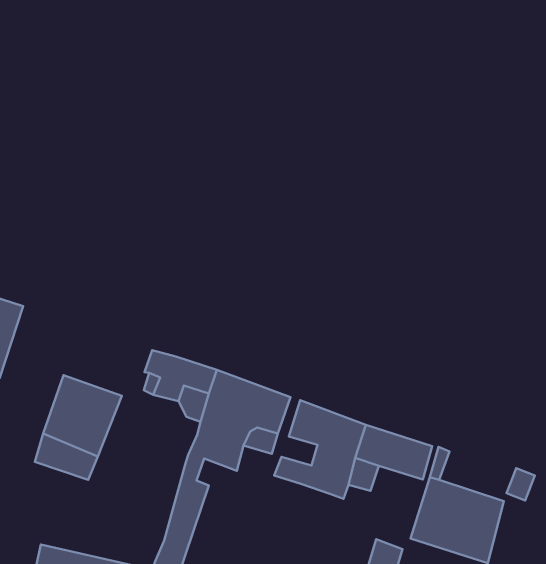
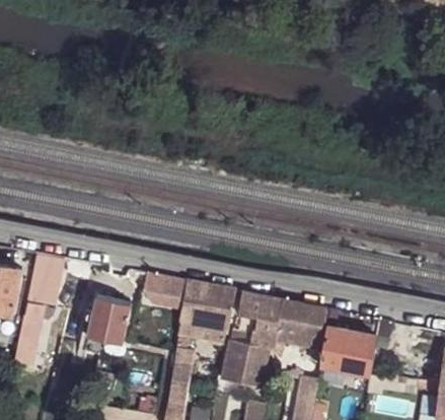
building: none -> [225,341,269,389]

